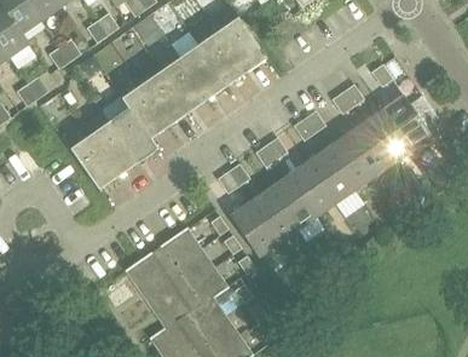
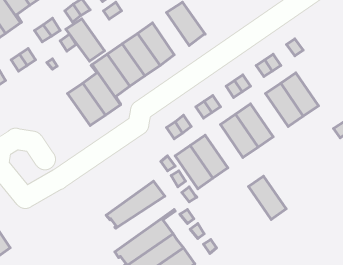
building: [200,30,247,85] -> none
building: [383,93,433,150] -> none
building: [70,134,120,189] -> [66,19,104,61]
building: [325,134,374,190] -> none
building: [267,174,316,230] -> [248,176,286,219]
building: [127,228,201,290] -> none
building: [150,266,227,338] -> none

